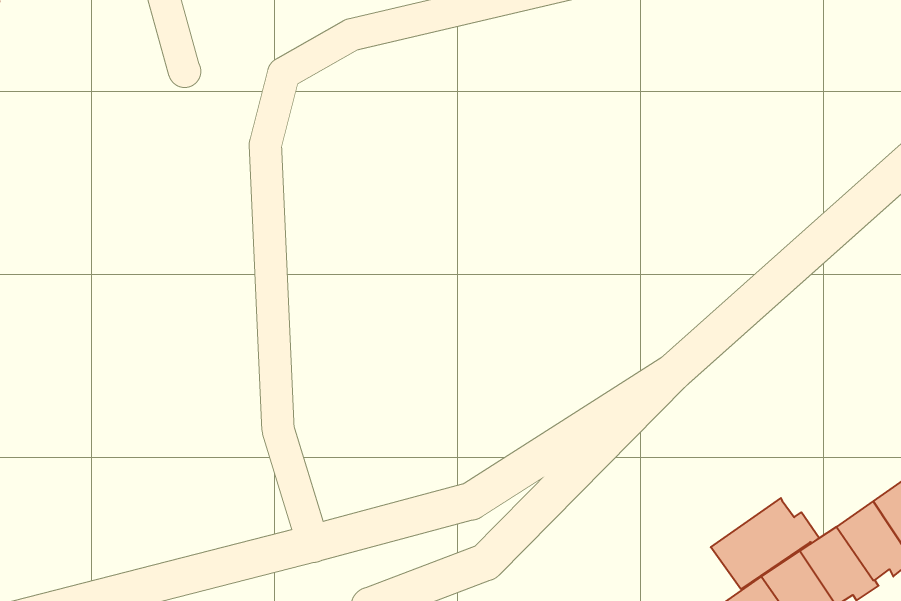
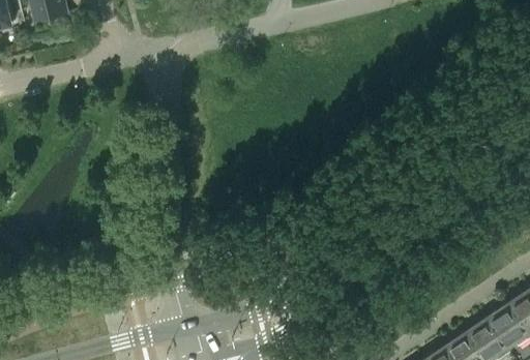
building: [711,498,819,589] -> none

